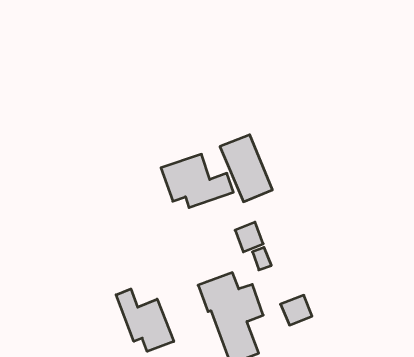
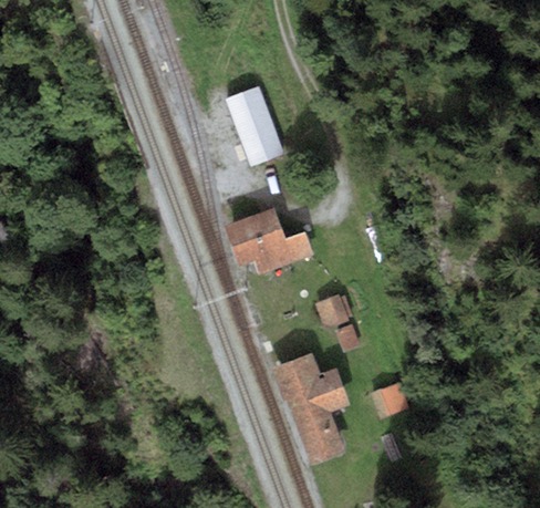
building: [220,135,272,202] -> [221,84,285,166]
building: [116,289,174,351] -> none

